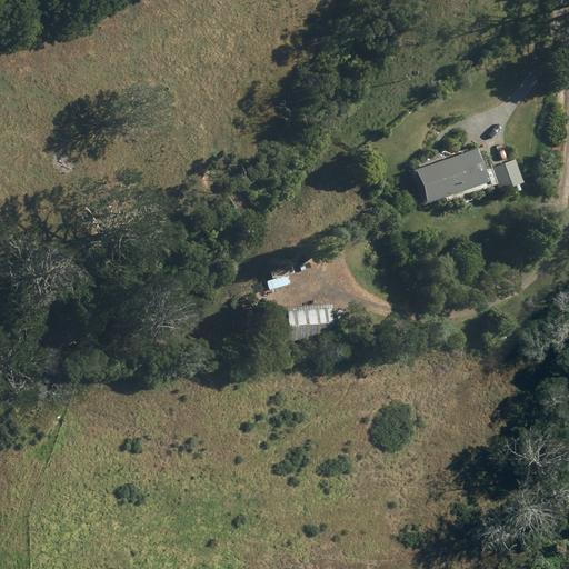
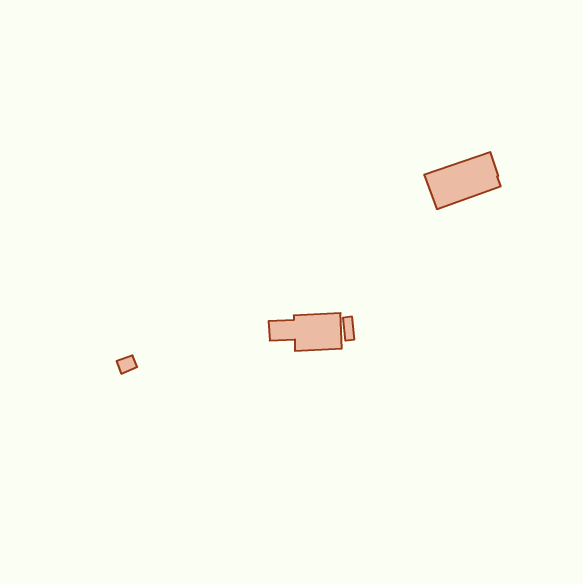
building: [492,159,525,191] -> none

